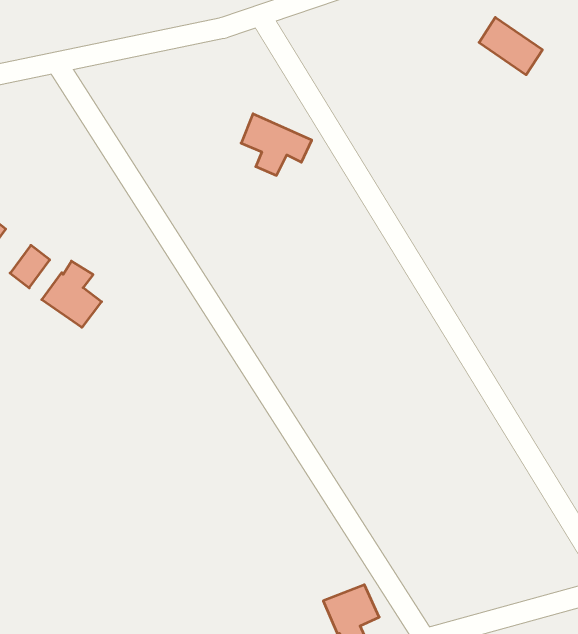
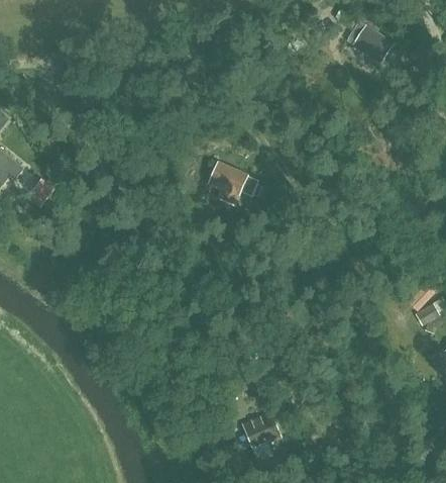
building: [241,114,312,175] -> [209,162,257,204]
building: [42,261,102,327] -> none

